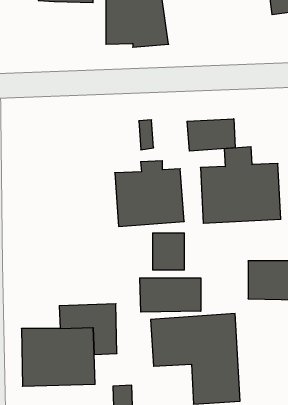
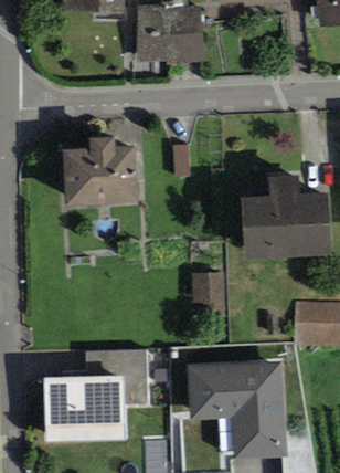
building: [187,119,235,151] -> none
building: [115,161,184,226] -> [61,136,138,209]
building: [140,278,201,312] -> none

